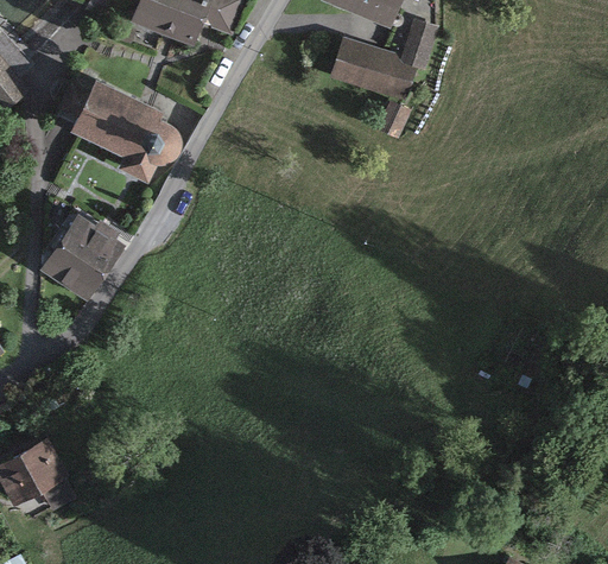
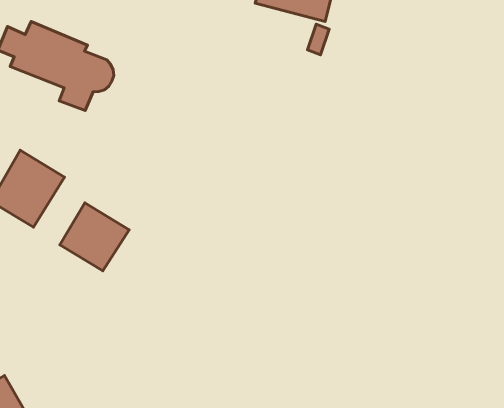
building: none -> [60,203,129,271]

